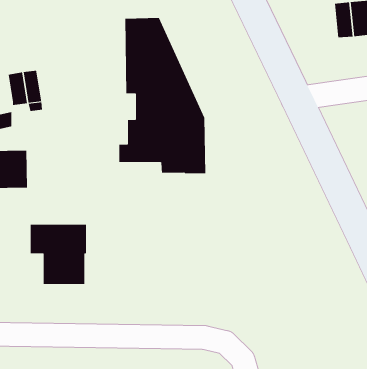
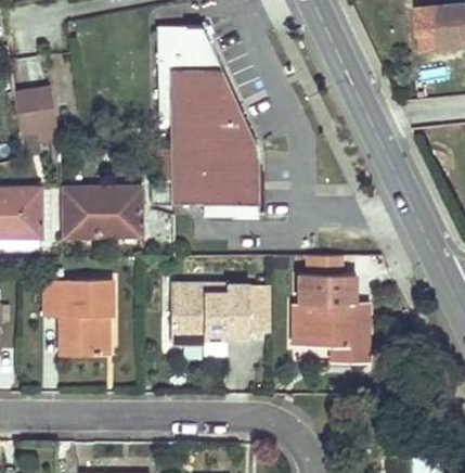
building: none -> [61,187,140,234]
building: none -> [292,255,367,362]
building: none -> [170,282,271,342]

